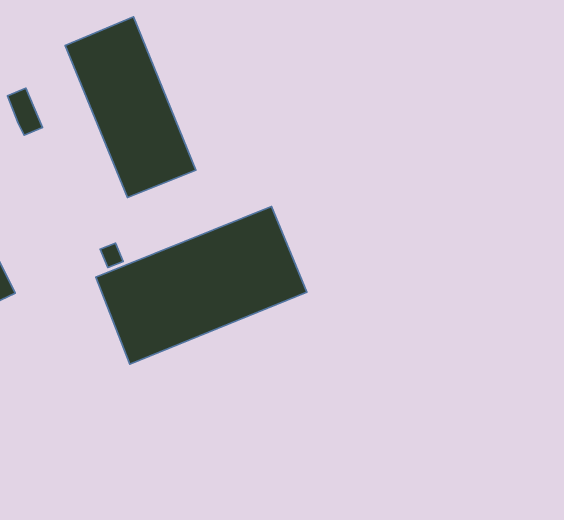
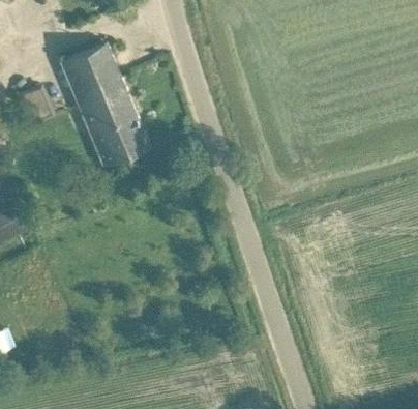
building: [96,206,307,364] -> none

